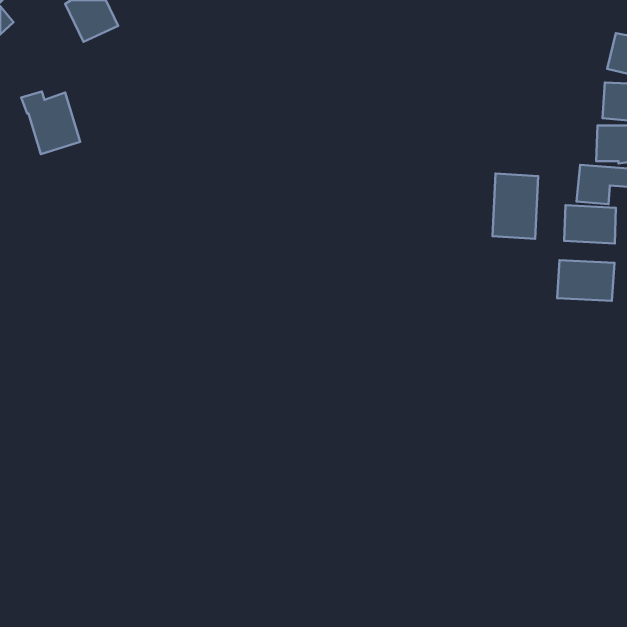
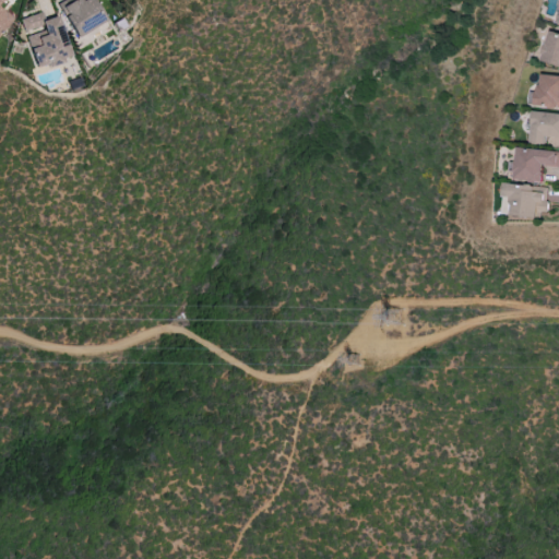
building: [21,91,80,154] -> [20,15,72,71]
building: [493,174,538,239] -> none
building: [557,260,614,301] -> none

